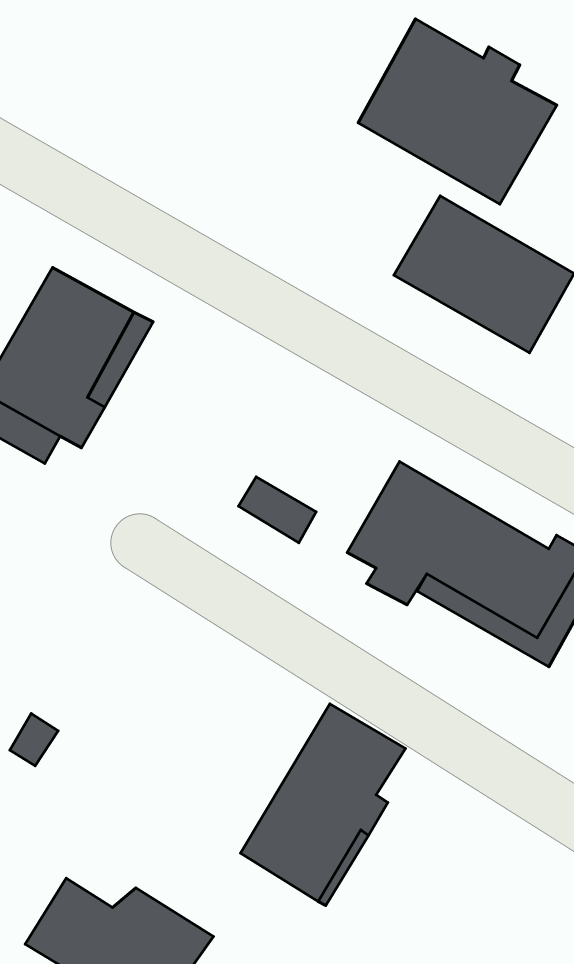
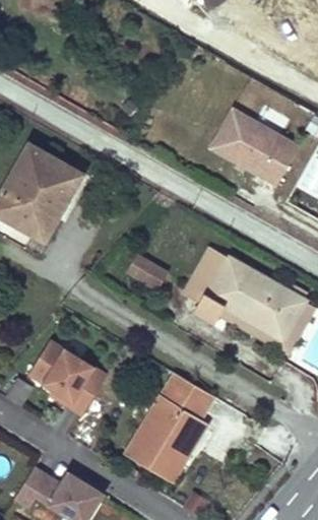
building: [358,19,557,204] -> none
building: none -> [22,334,109,414]

